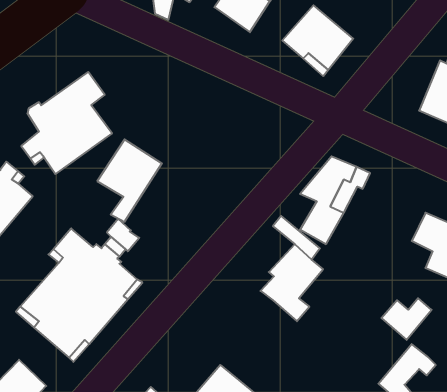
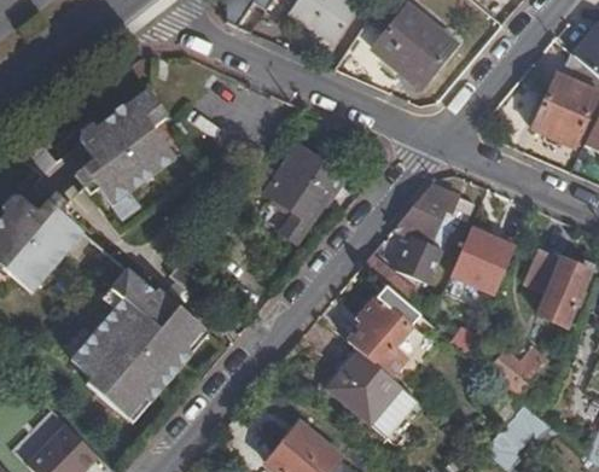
building: [97,139,162,222] -> [266,146,341,241]
building: none -> [446,227,510,297]
building: none -> [328,350,420,438]

